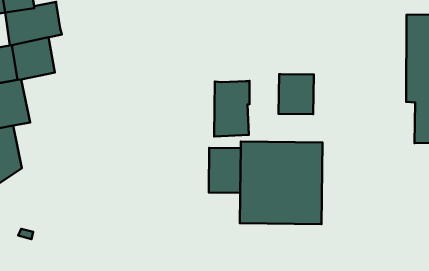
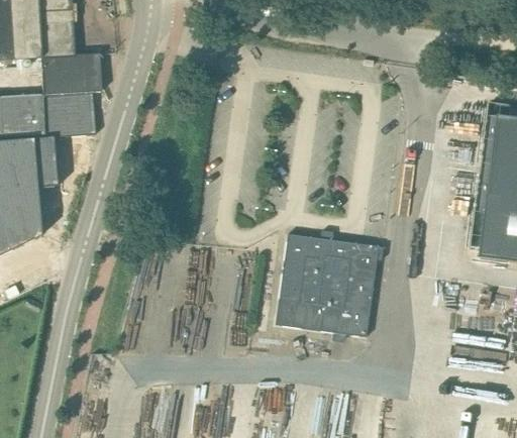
building: [279,74,314,114] -> none
building: [214,81,250,137] -> none
building: [209,148,241,193] -> none

